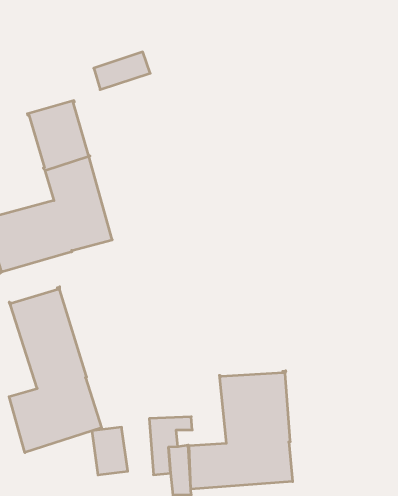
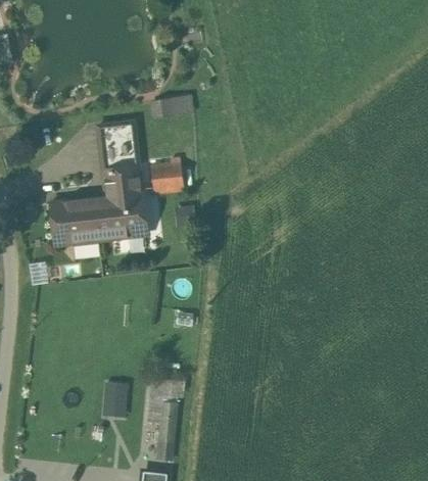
building: none -> [151,163,184,193]
building: [9,287,102,453] -> none
building: [189,371,293,489] -> none

